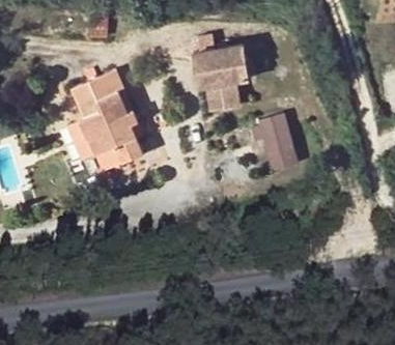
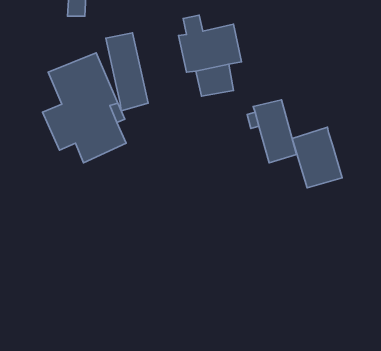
building: none -> [106,33,148,111]
building: none -> [292,127,342,188]

